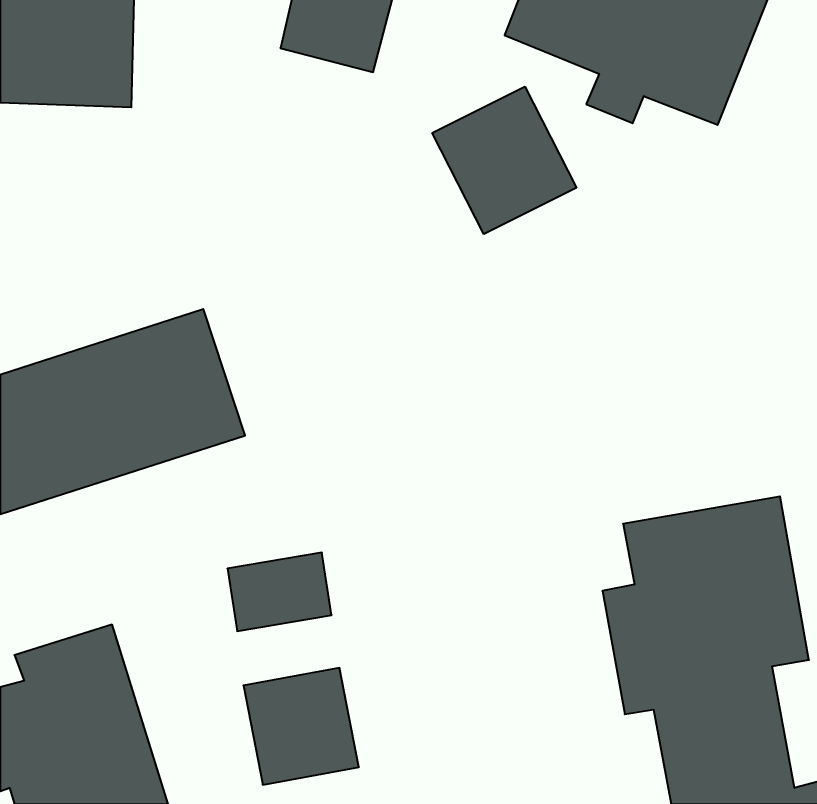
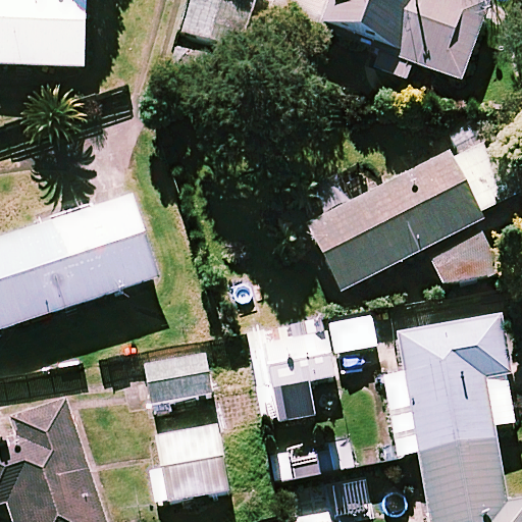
building: [432,87,576,234] -> none
building: none -> [300,146,476,286]
building: none -> [250,320,334,420]

